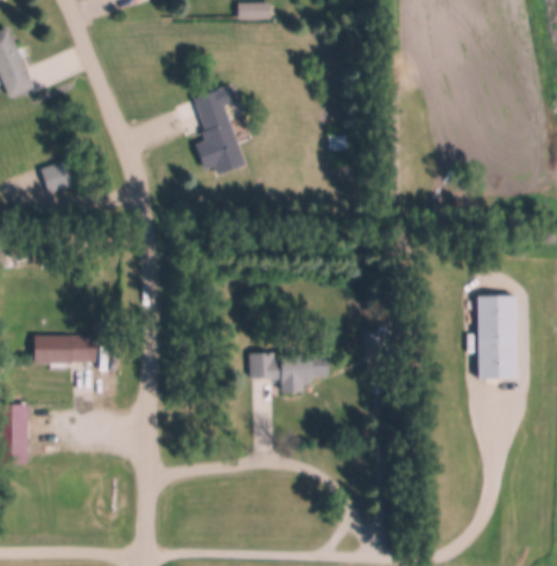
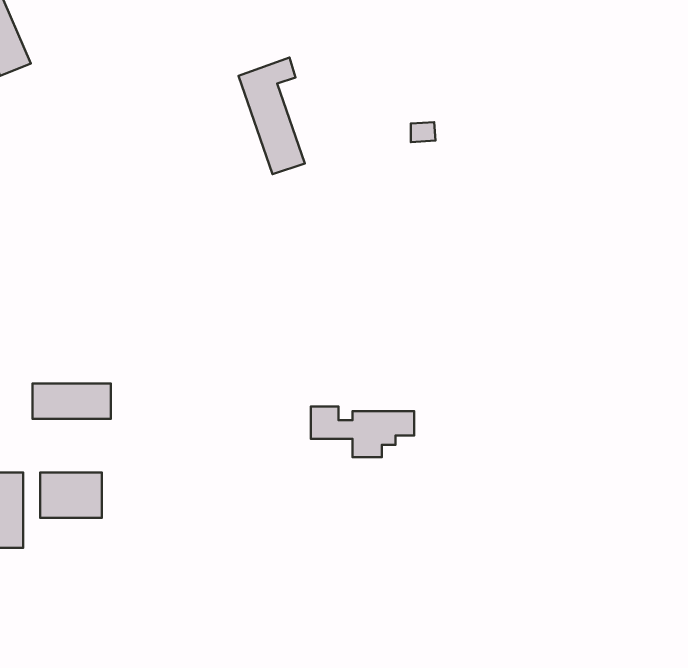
building: [39,160,70,193] -> none
building: [479,295,518,377] -> none
building: none -> [40,472,102,518]

